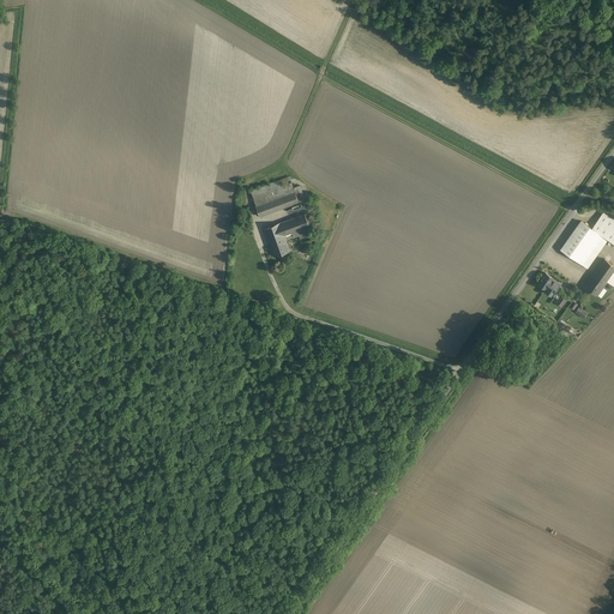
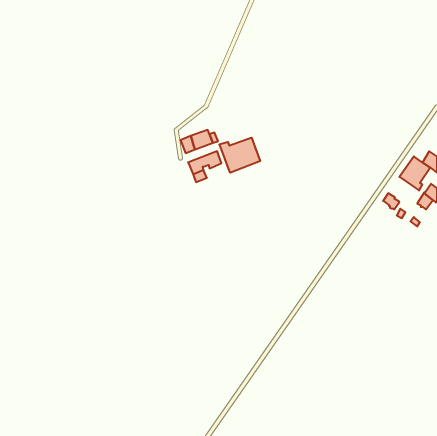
building: none -> [219,138,260,173]

